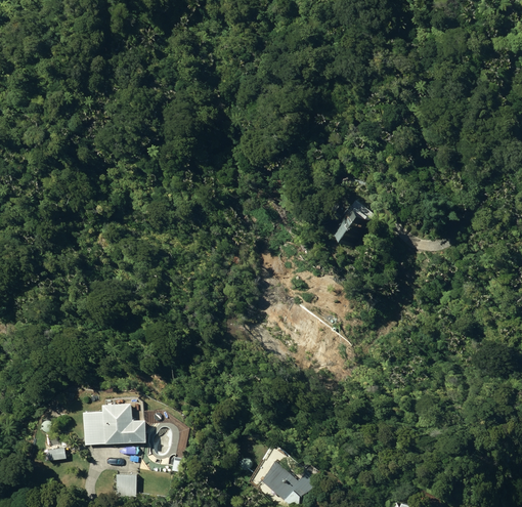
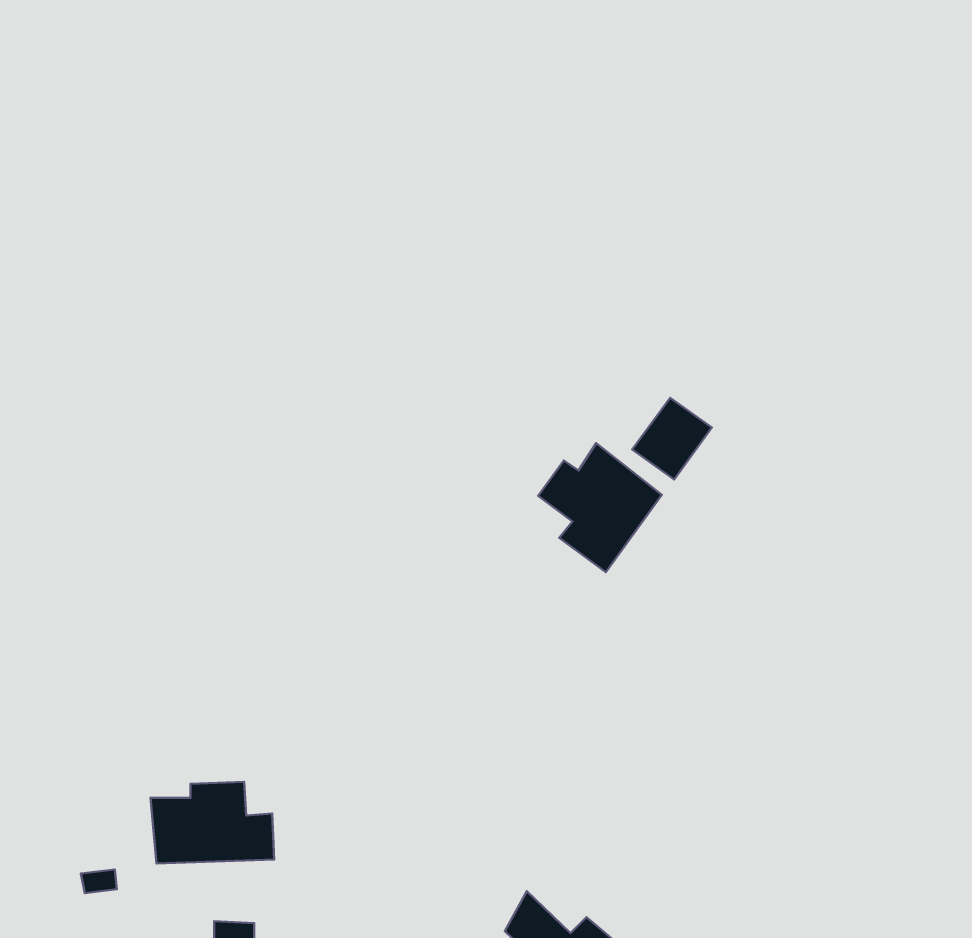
building: none -> [538,443,662,572]

